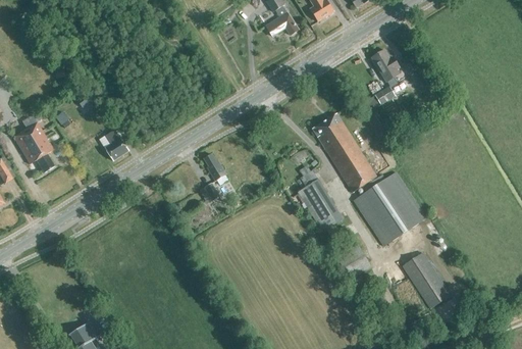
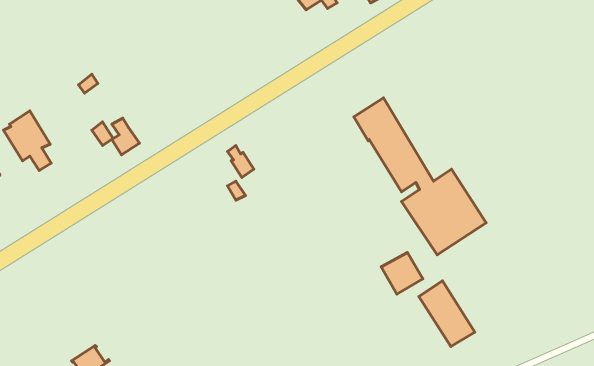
building: [371,49,399,102] -> none
building: [298,178,343,229] -> none
building: [402,251,450,307] -> [419,281,475,346]

